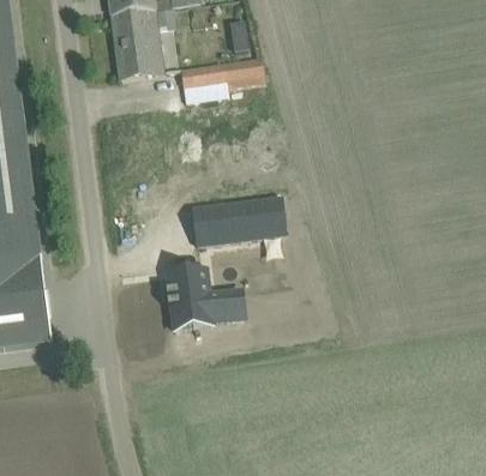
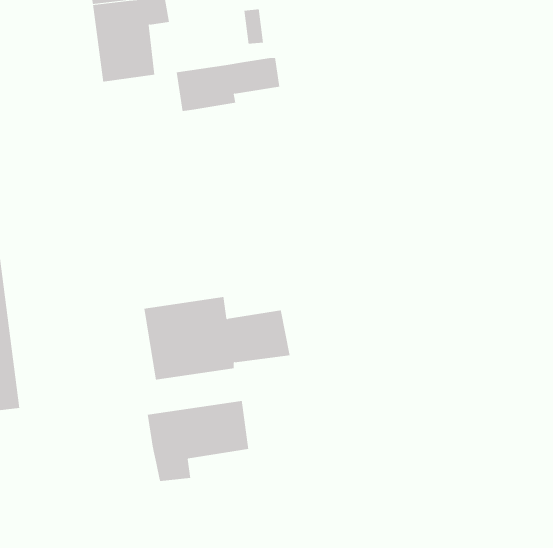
building: [196,193,284,237] -> none
building: none -> [147,400,249,482]

